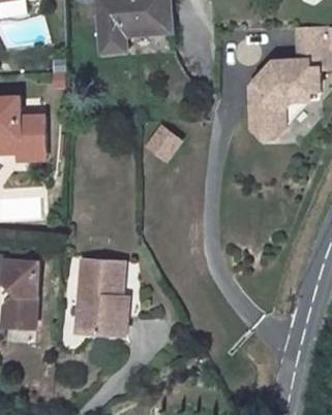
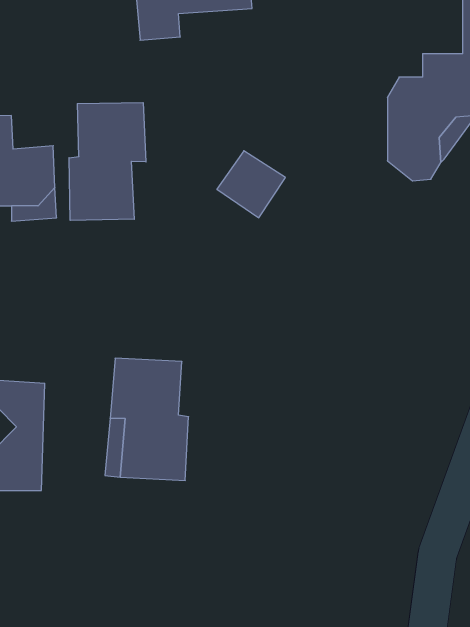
building: none -> [69,103,146,220]

